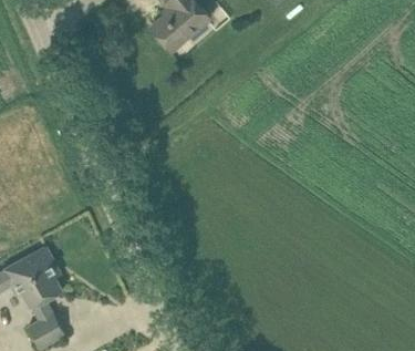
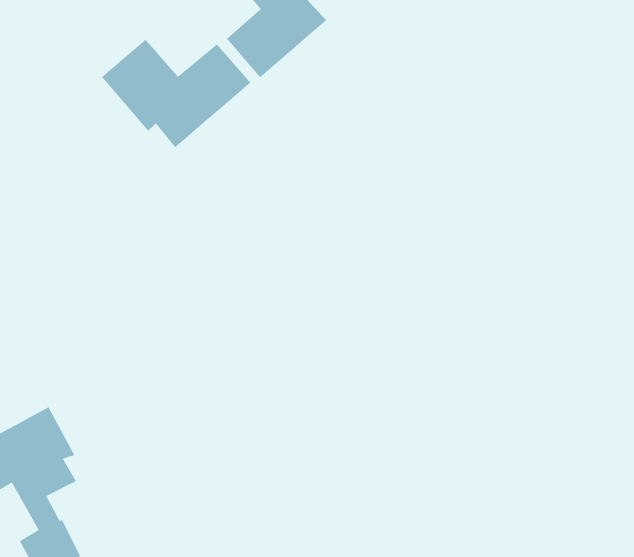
building: none -> [101,39,251,148]

